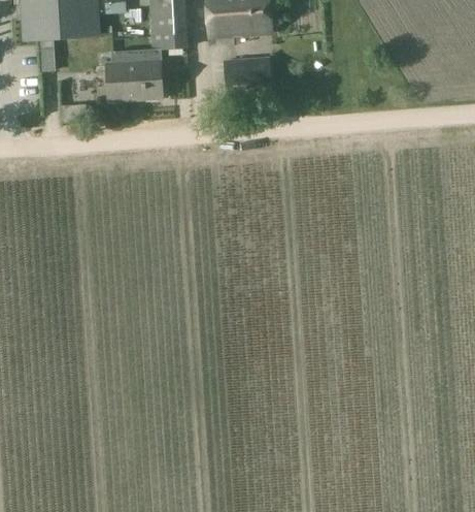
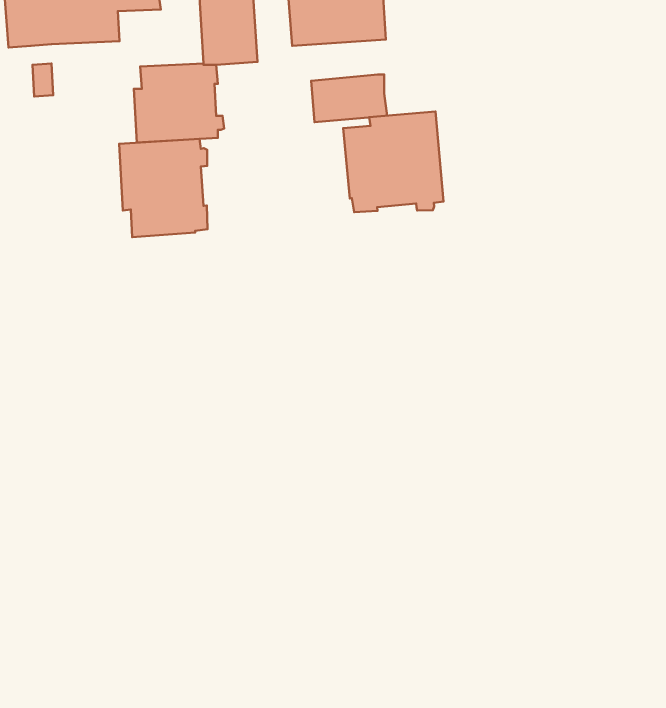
building: none -> [343,111,443,212]
building: none -> [119,139,208,237]

